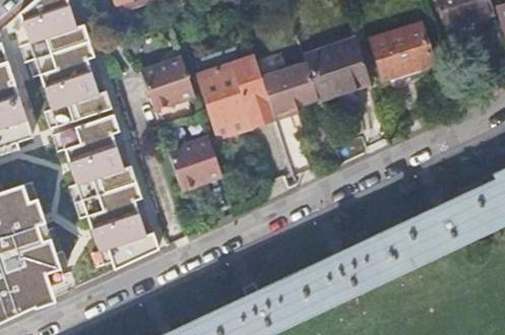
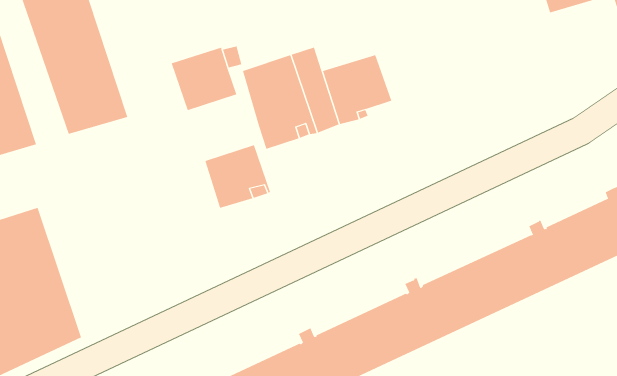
building: [369,22,433,78] -> none
building: [305,39,371,99] -> none
building: [59,119,150,275] -> none

